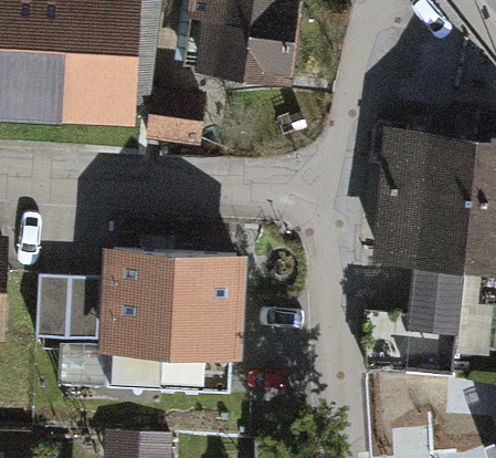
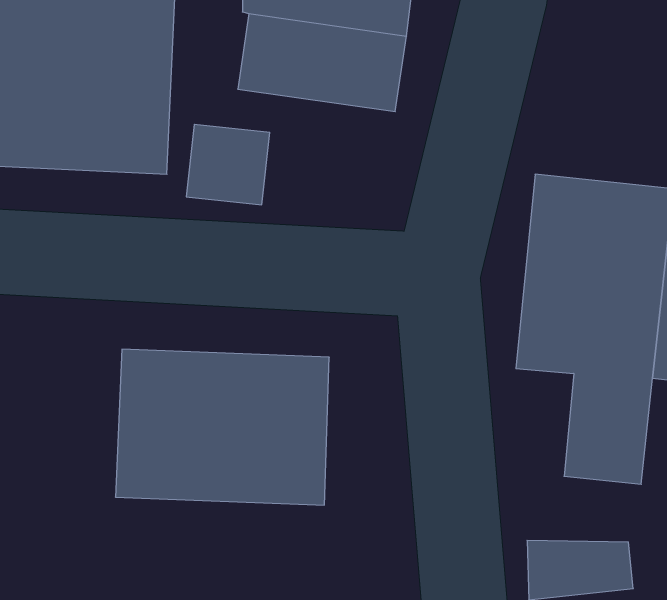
building: [32,278,98,340] -> none

